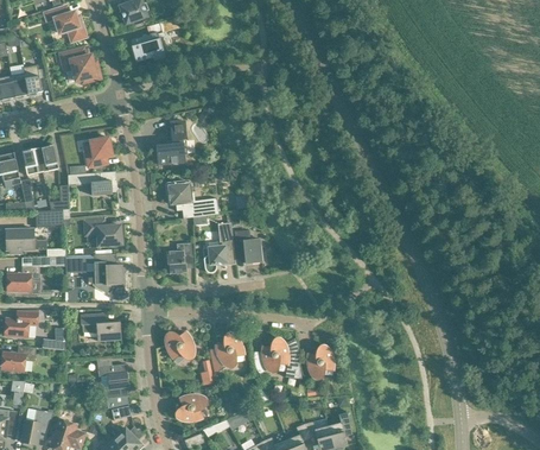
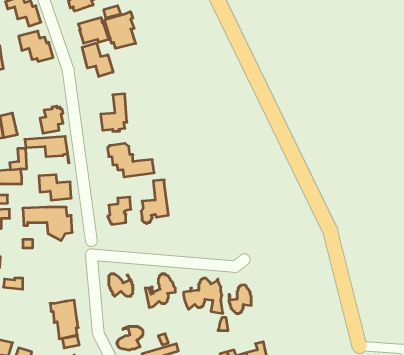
building: none -> [105,12,136,48]
building: none -> [82,43,113,77]
building: [234,229,263,262] -> none
building: [80,312,122,341] -> none

